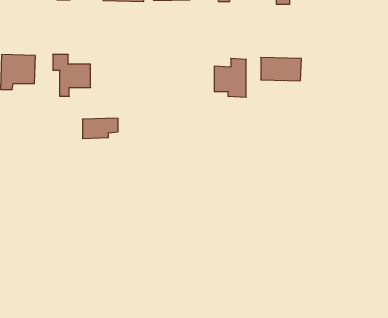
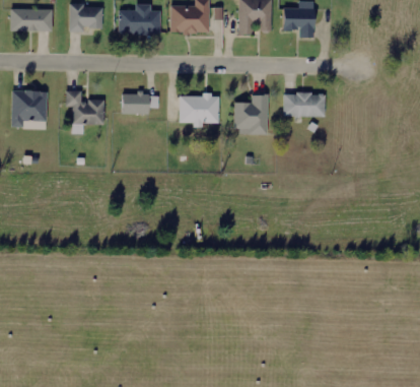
building: none -> [179,94,218,127]
building: [82,118,118,139] -> [121,92,158,114]

